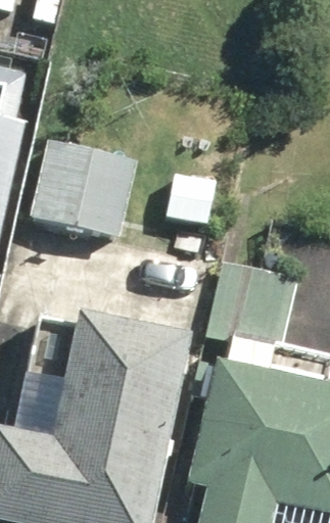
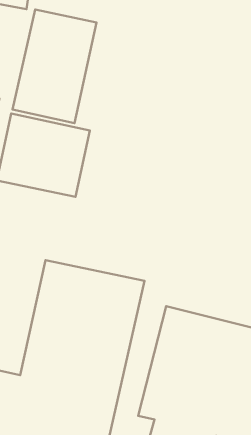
building: none -> [13,9,96,123]
building: [200,257,294,348] -> none

